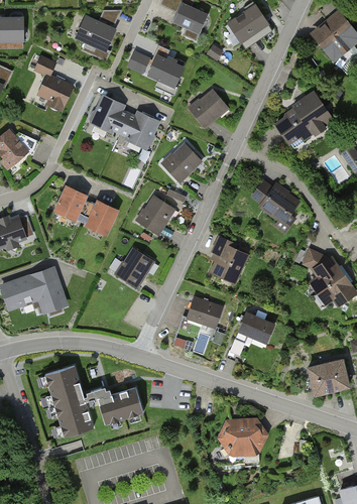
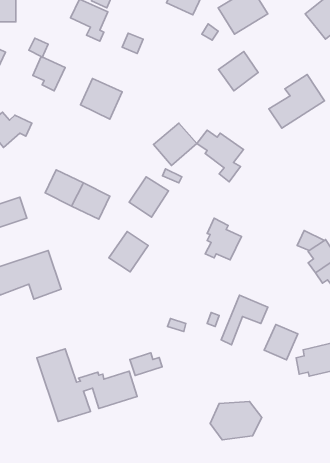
building: [149,46,185,87] -> none
building: [190,90,229,129] -> [219,51,258,91]
building: [117,110,159,150] -> none
building: [253,181,300,233] -> [197,130,243,182]
building: [187,297,223,329] -> none
building: none -> [264,324,298,360]
building: none -> [130,353,162,375]

